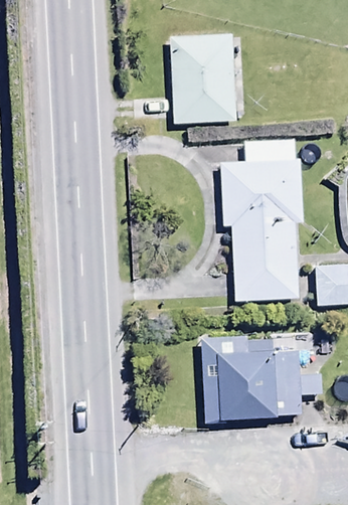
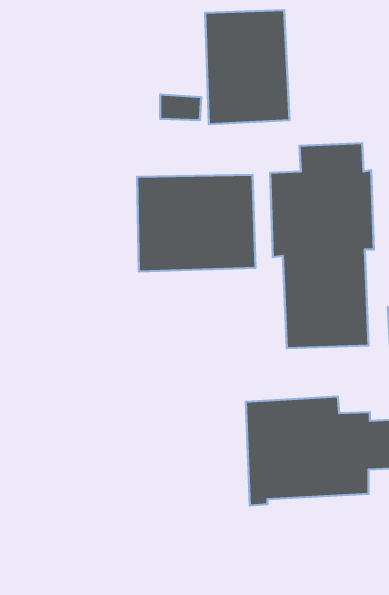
building: none -> [137,175,256,271]

